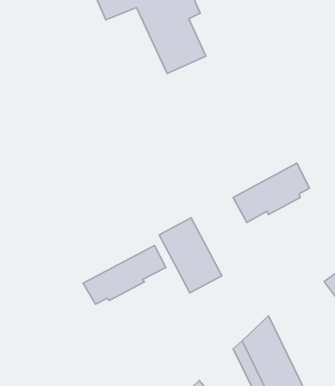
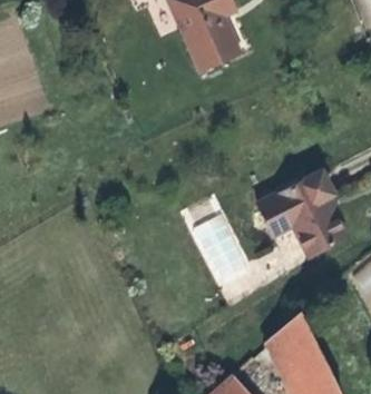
building: none -> [300,195,346,243]
building: [83,246,166,304] -> none

